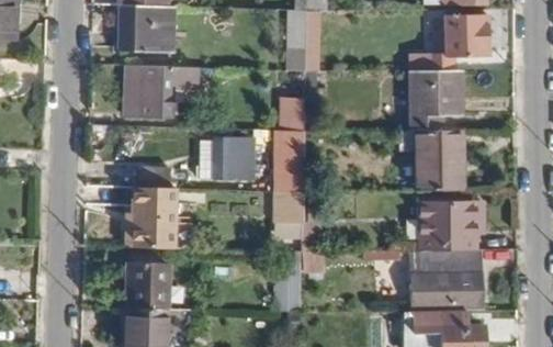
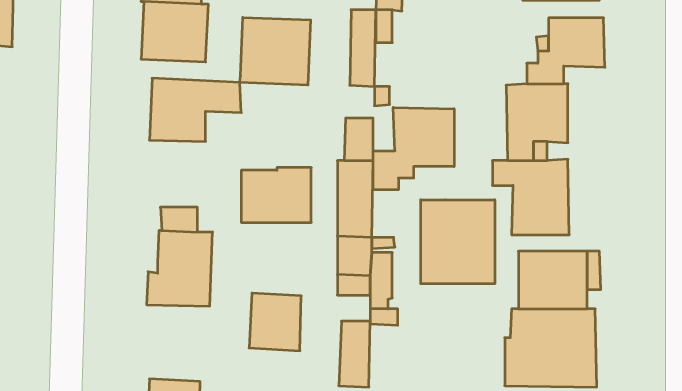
building: none -> [240,17,311,85]
building: none -> [373,107,454,190]
building: none -> [421,200,495,284]
building: [125,261,167,307] -> [249,293,301,351]

